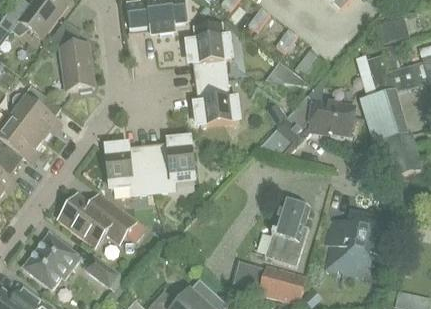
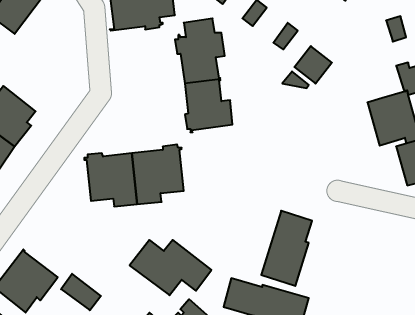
building: [50,20,94,92] -> none
building: [365,56,395,96] -> none
building: [259,92,358,154] -> none
building: [60,196,134,246] -> [130,240,211,295]
building: [325,213,384,274] -> none

